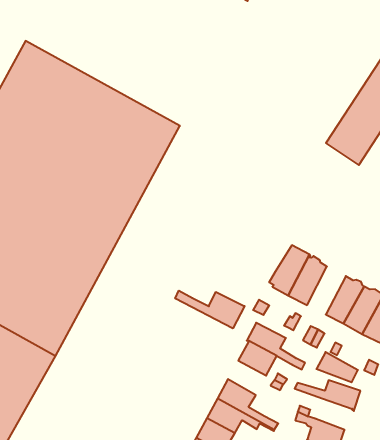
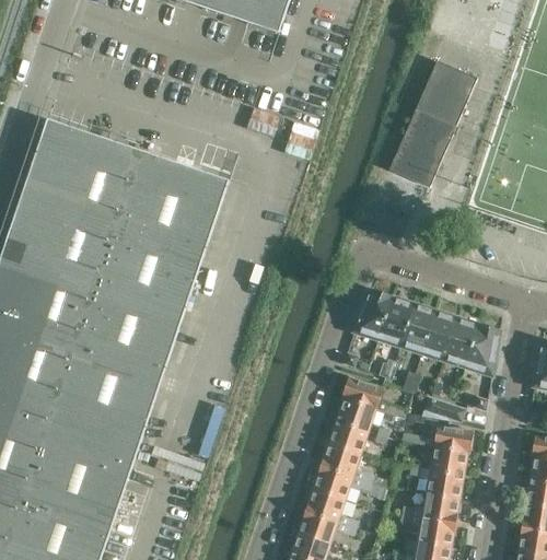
building: none -> [398,303,434,355]
building: [175,291,245,328] -> none
building: none -> [327,421,368,455]
building: none -> [428,446,466,476]

